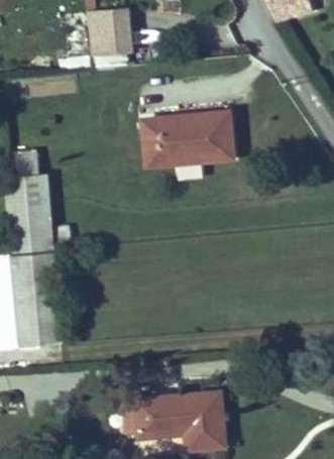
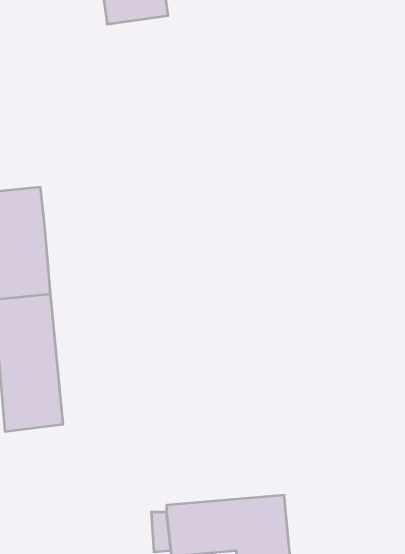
building: [140,111,231,164] -> none

